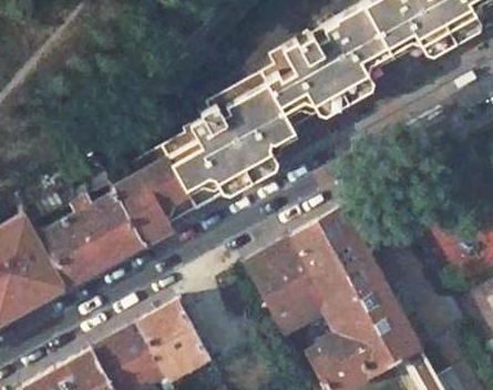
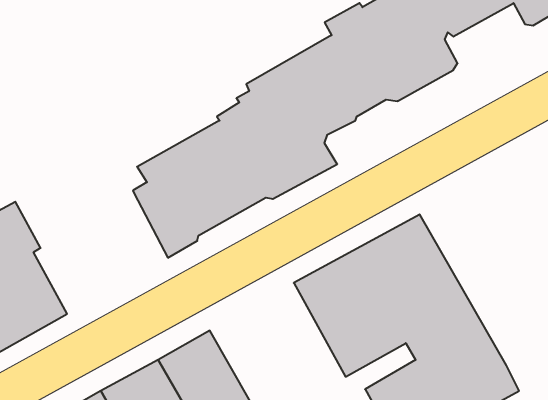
building: [35,192,142,287] -> none

